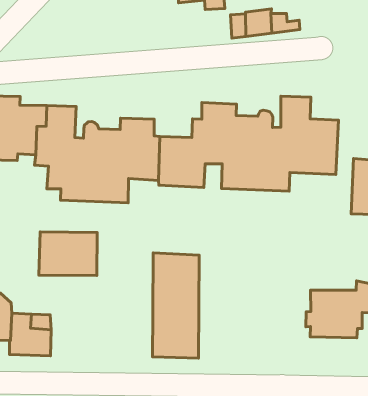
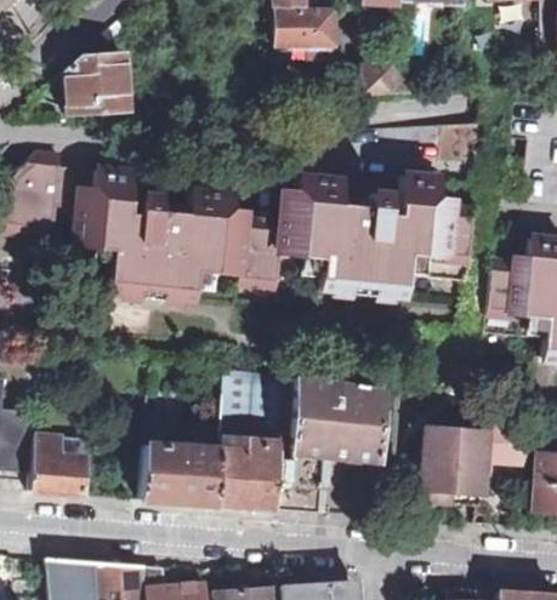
building: none -> [66,53,127,115]
building: [39,232,97,276] -> [141,442,220,503]
building: none -> [275,375,393,510]

